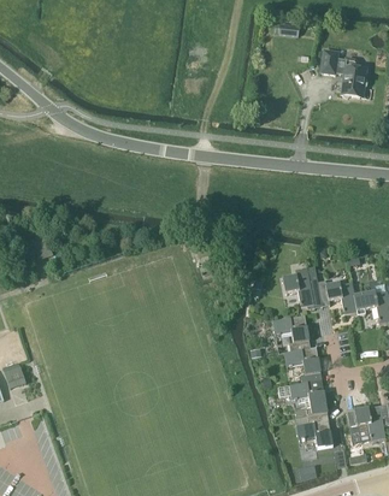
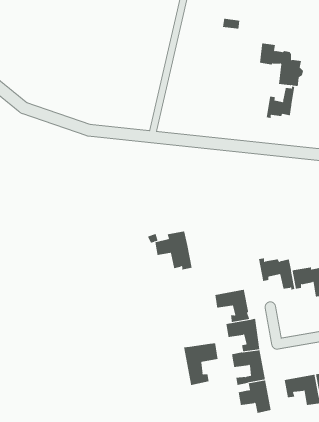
building: none -> [266,86,295,119]
building: [282,266,323,308] -> [155,231,193,270]
building: none -> [184,343,218,386]

